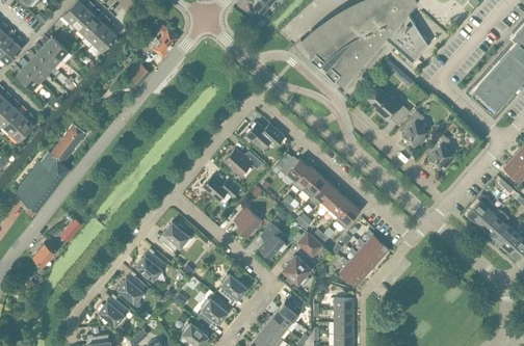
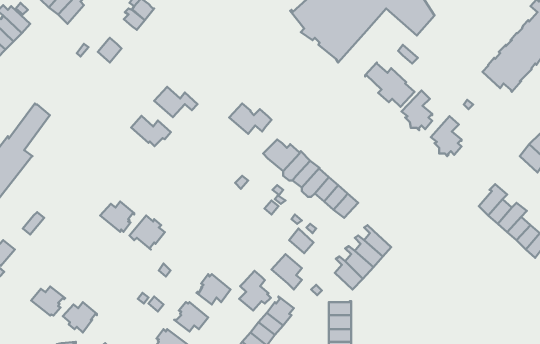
building: [224,149,262,176] -> [154,87,198,117]
building: [203,177,238,204] -> [131,116,171,146]
building: [234,208,261,238] -> none
building: [258,223,286,259] -> [239,271,271,311]
building: [135,254,165,281] -> [100,202,134,232]
building: [117,276,148,302] -> [31,286,65,316]

